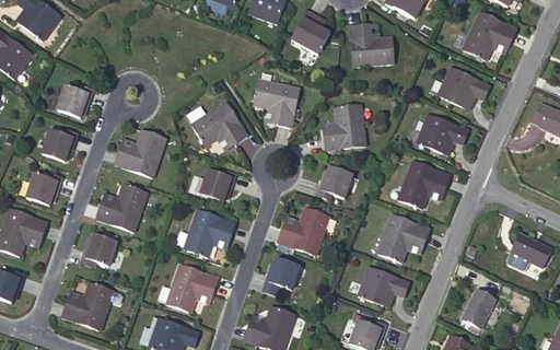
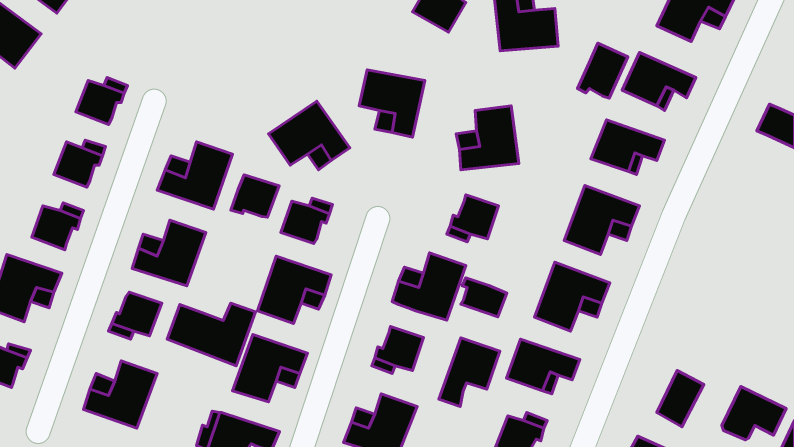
building: none -> [578,43,628,98]
building: none -> [231,175,279,217]
building: none -> [461,278,507,317]
building: [506,233,551,270] -> [722,387,786,440]
building: none -> [167,303,256,366]
building: none -> [439,338,500,406]

